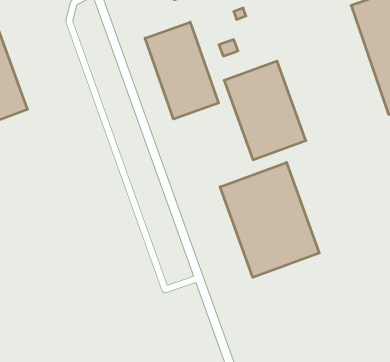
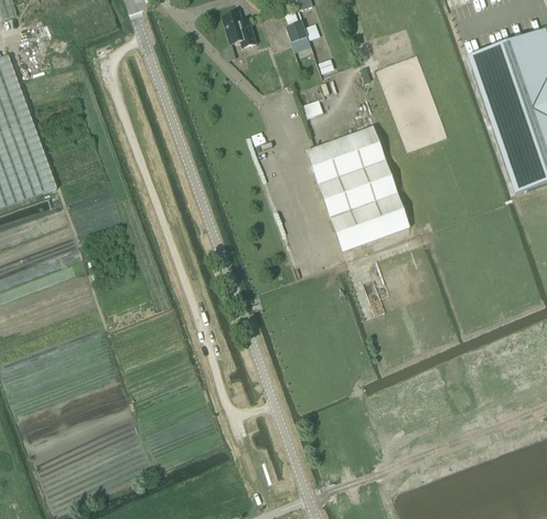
building: [145,22,219,119] -> none
building: [220,162,319,277] -> none

